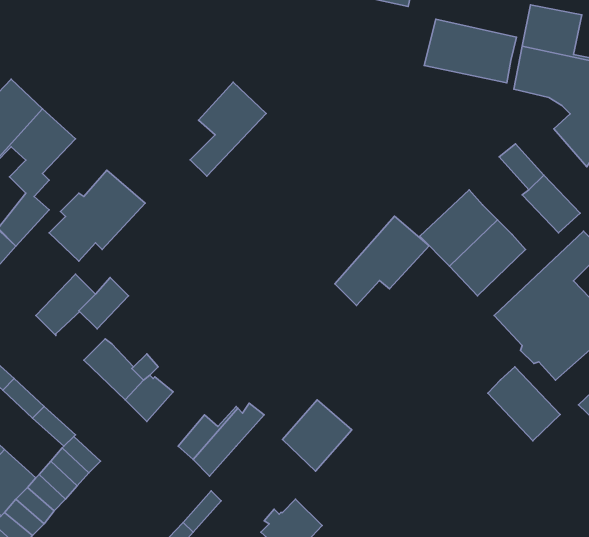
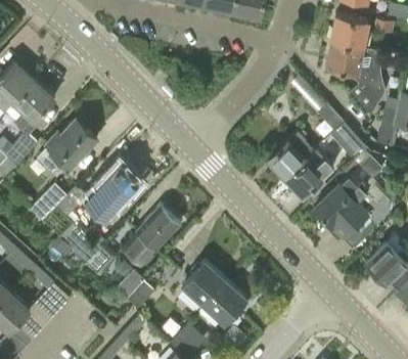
building: [424,19,517,83] -> none
building: [190,82,266,176] -> [94,162,141,220]
building: [335,216,429,305] -> [123,205,181,260]
building: [488,367,560,441] -> none
building: none -> [202,279,246,323]

